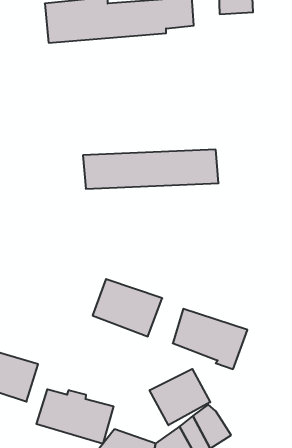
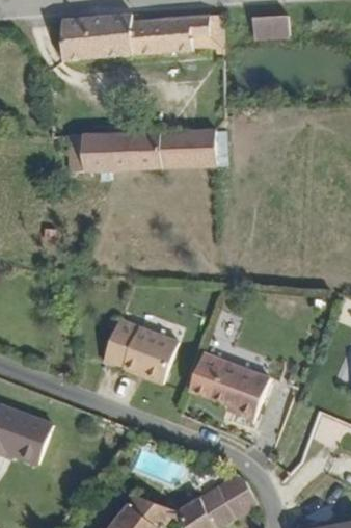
building: [83,150,219,189] -> [62,133,210,176]
building: [150,369,210,425] -> none
building: [36,389,113,444] -> none

